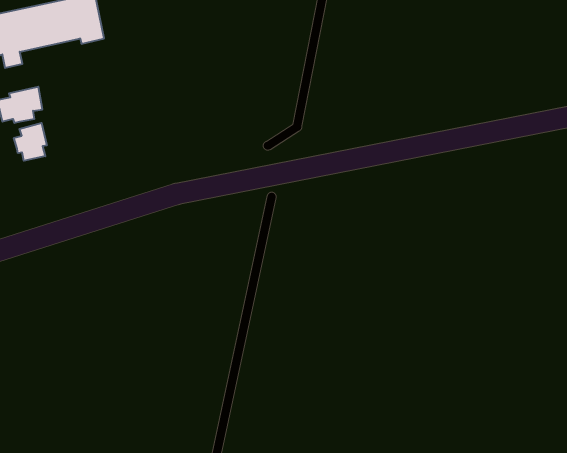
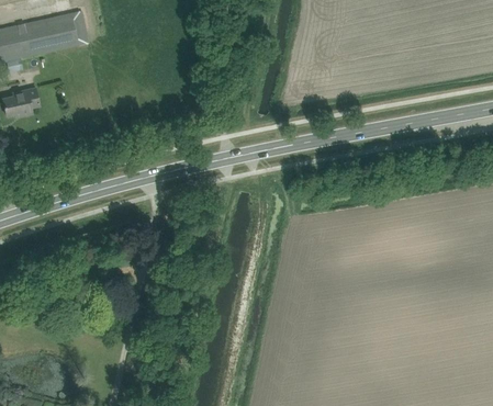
building: [14,123,47,161] -> none

